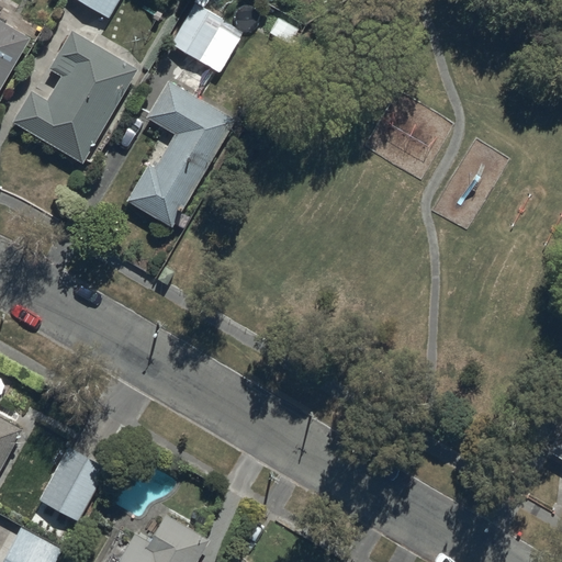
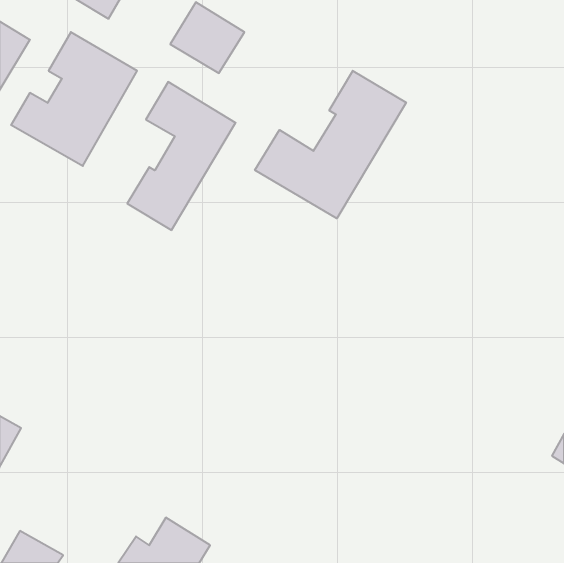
building: none -> [255,71,406,218]
building: [40,448,106,521] -> none

